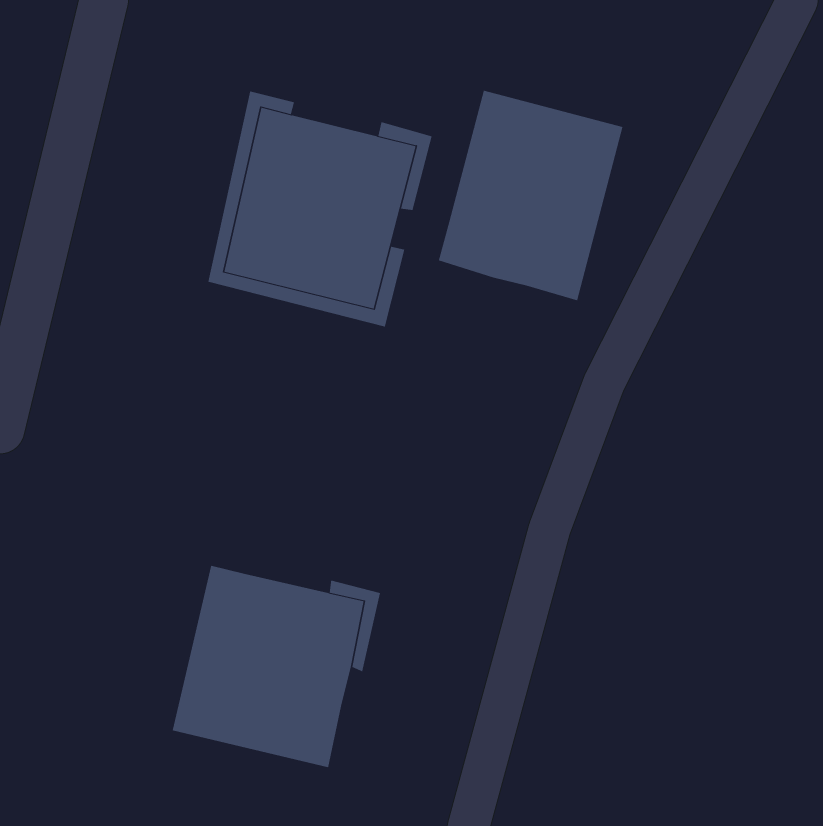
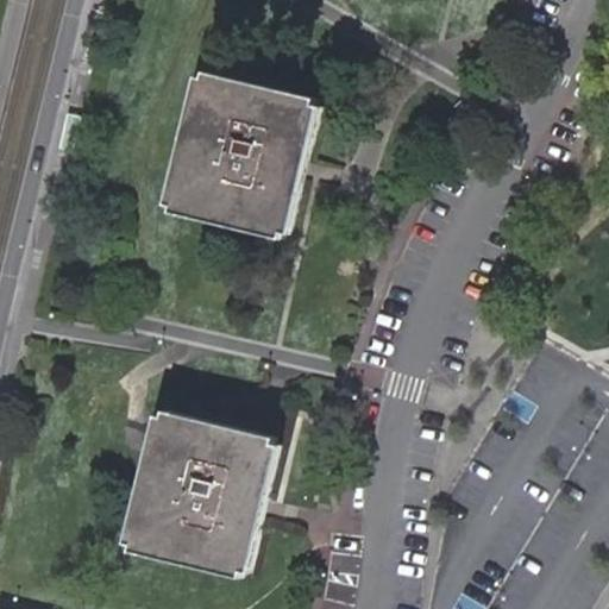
building: [438,90,623,301] -> none
building: none -> [120,404,264,576]

